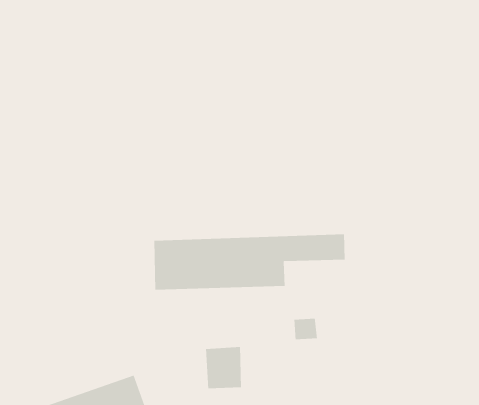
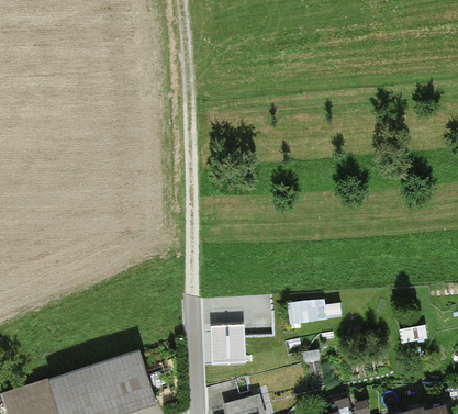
building: [153,233,345,290] -> none

